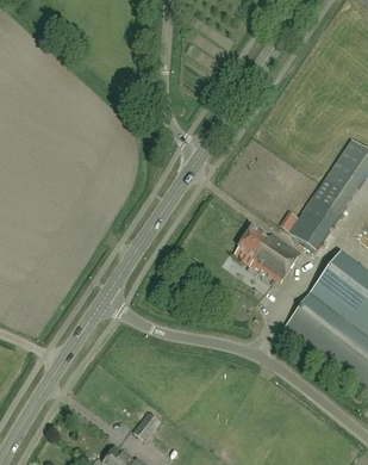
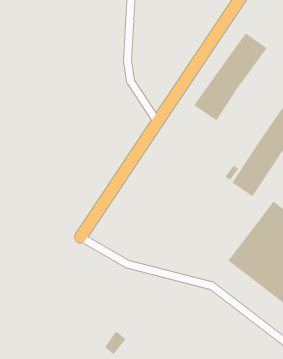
building: none -> [194,32,267,121]
building: [238,224,300,279] -> none

